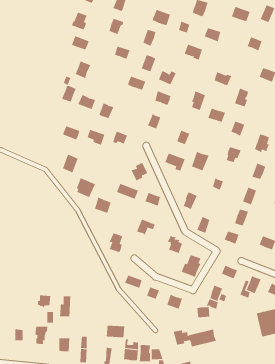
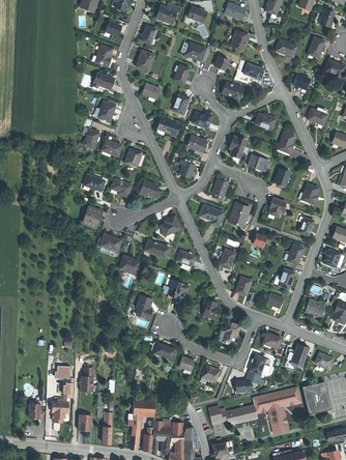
building: none -> [253,387,301,433]

